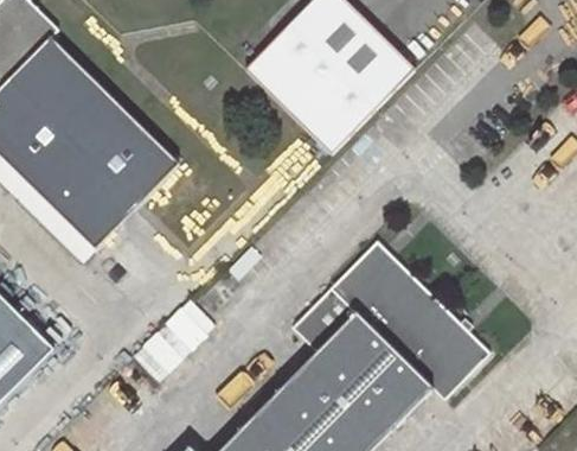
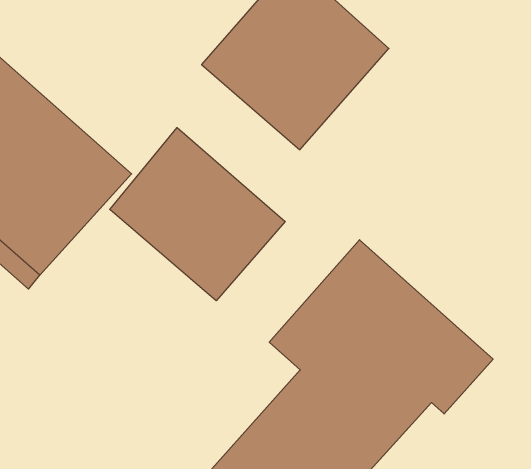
building: none -> [110,128,285,301]

